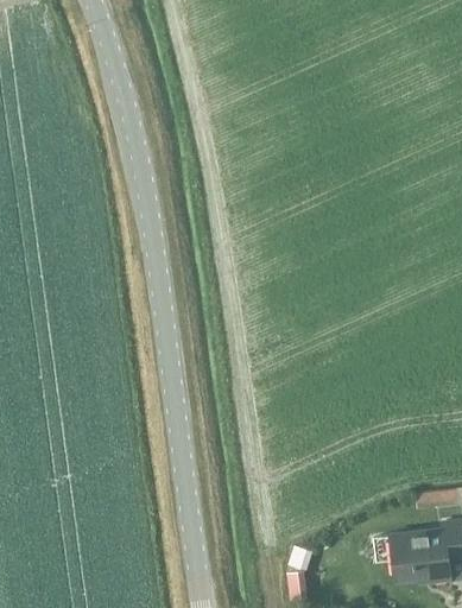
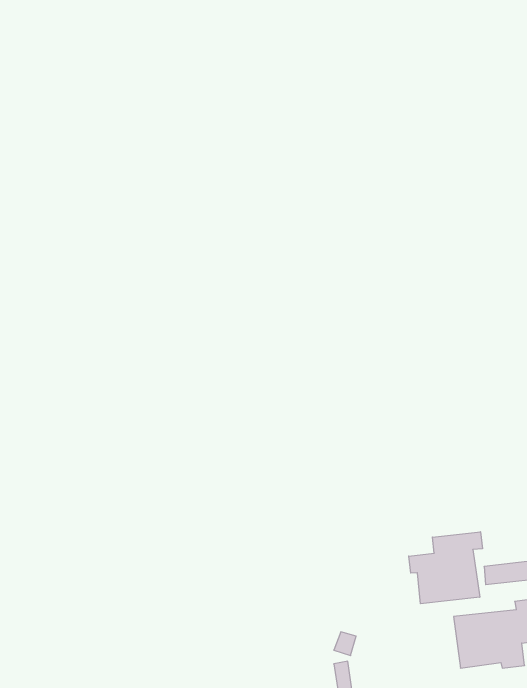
building: none -> [409,532,482,604]

